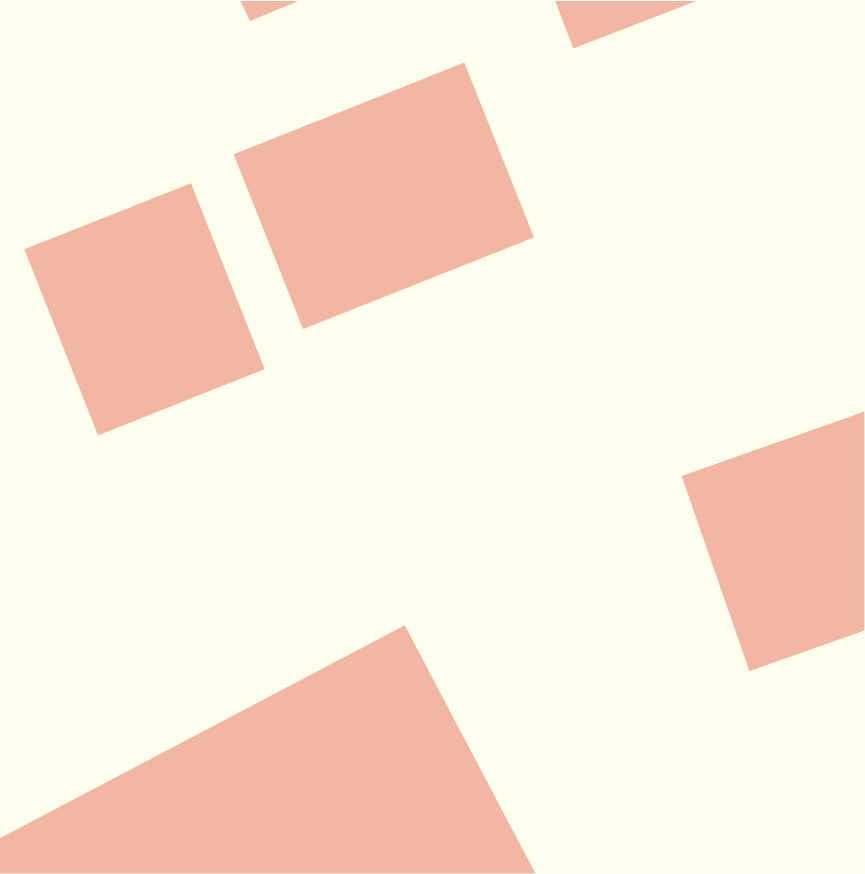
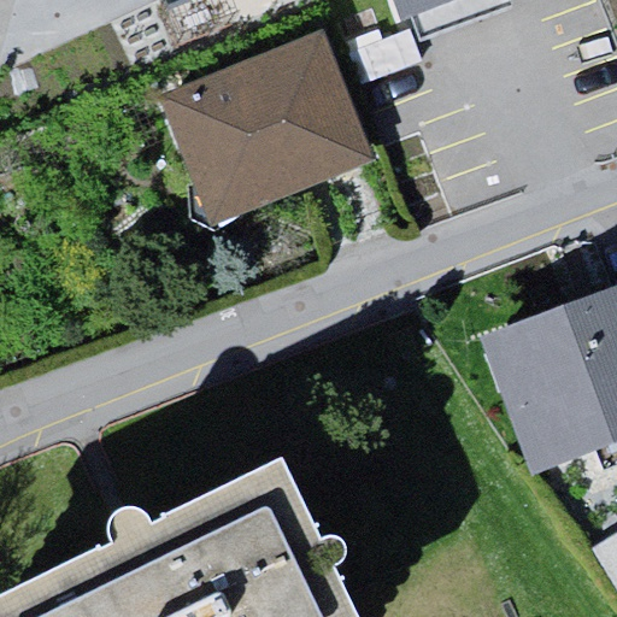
building: [23,182,266,436] -> none

